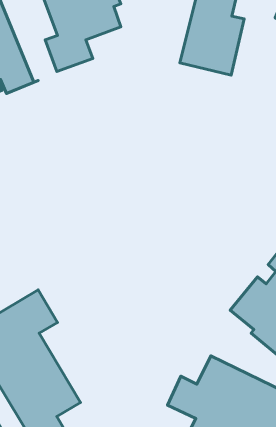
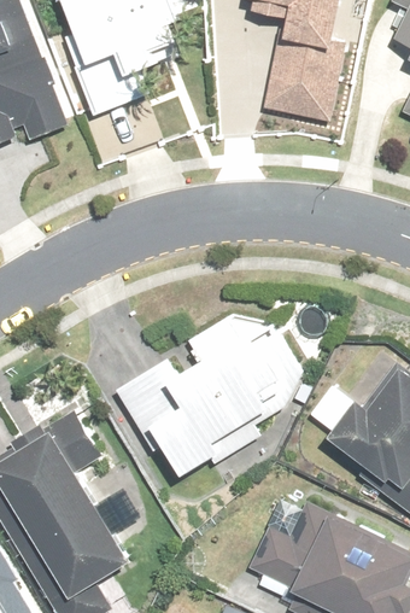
building: none -> [117,319,308,478]

